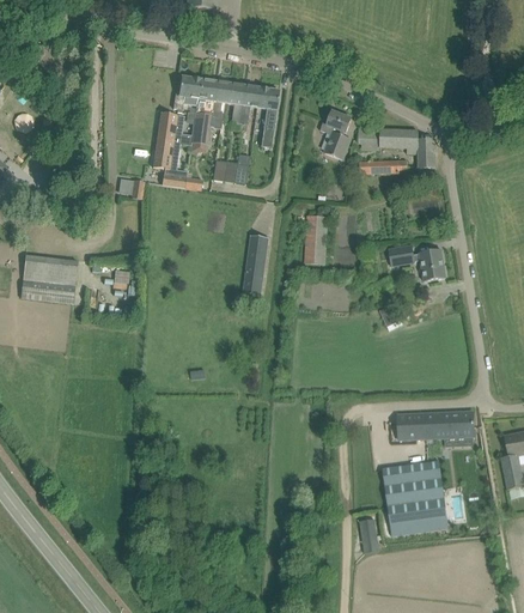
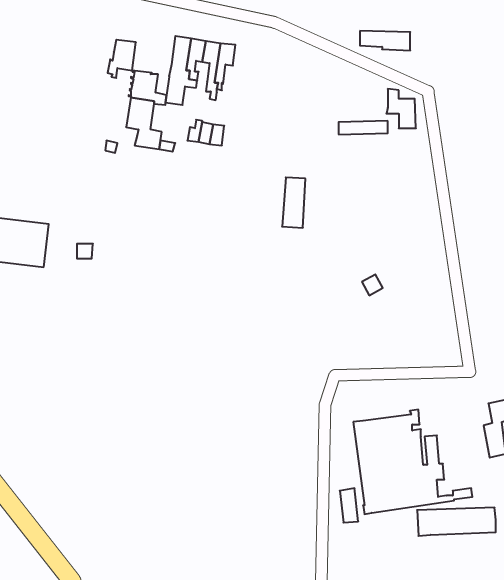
building: [172,75,200,113] -> [108,40,136,78]
building: [256,86,279,146] -> none
building: [319,110,351,159] -> none
building: [358,128,407,147] -> [360,31,410,50]
building: [243,235,268,296] -> none
building: [388,245,445,280] -> none
building: [397,412,474,439] -> [417,508,496,536]

